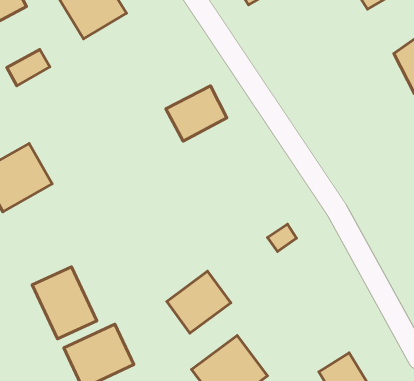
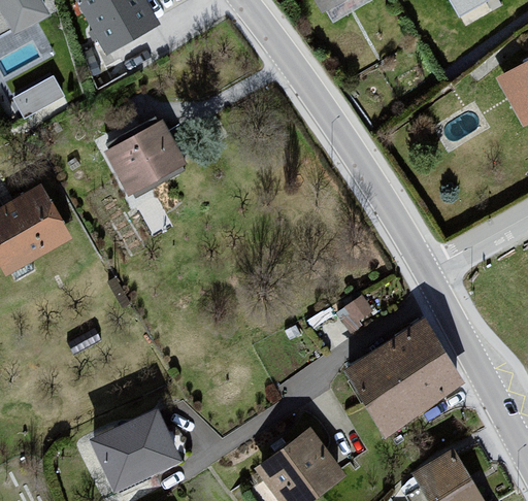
building: [166,86,227,141] -> [112,123,189,192]
building: none -> [339,319,460,432]
building: [32,267,97,339] -> none
building: [167,271,231,333] -> none

